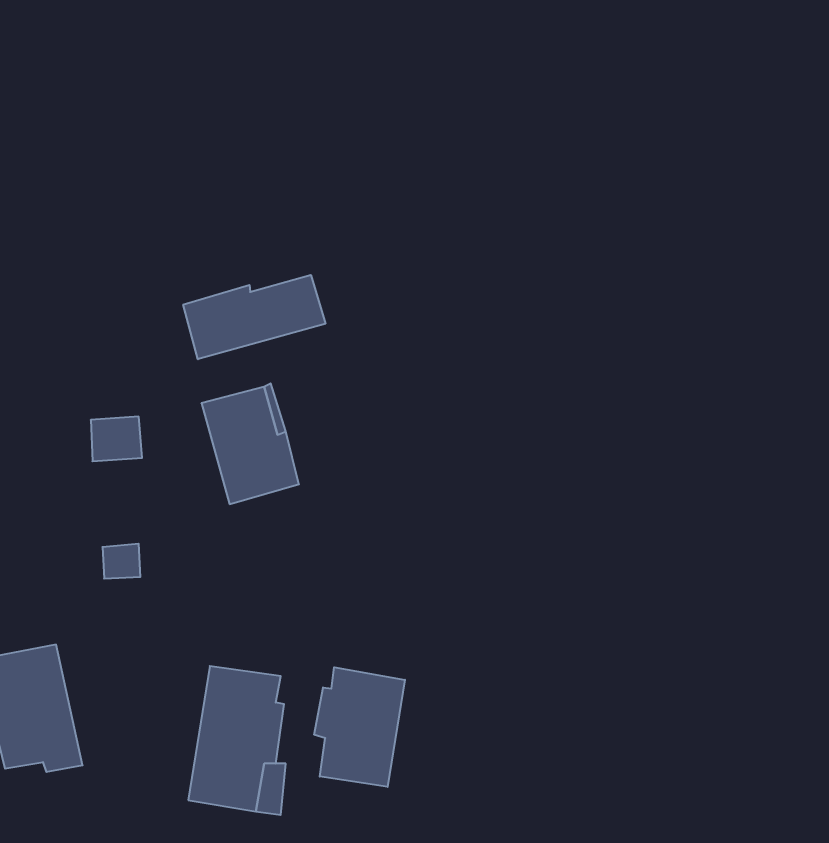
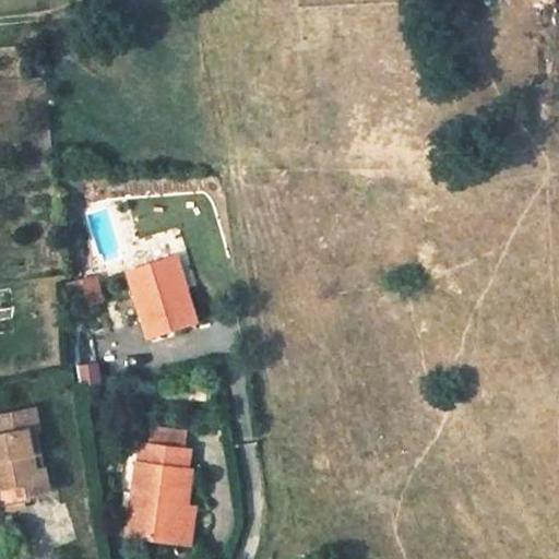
building: [183,275,325,359] -> none
building: [314,667,405,787] -> none

